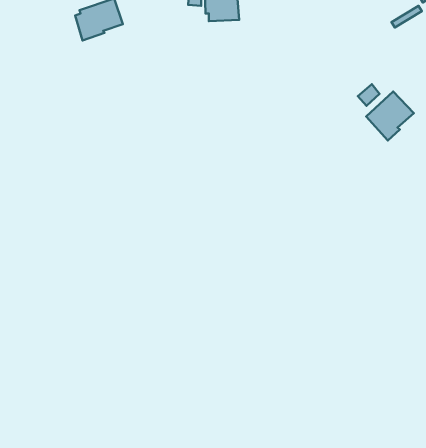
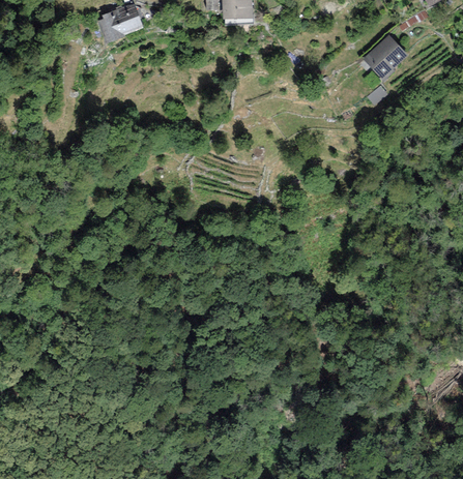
building: [366,92,414,140] -> [363,33,408,80]

